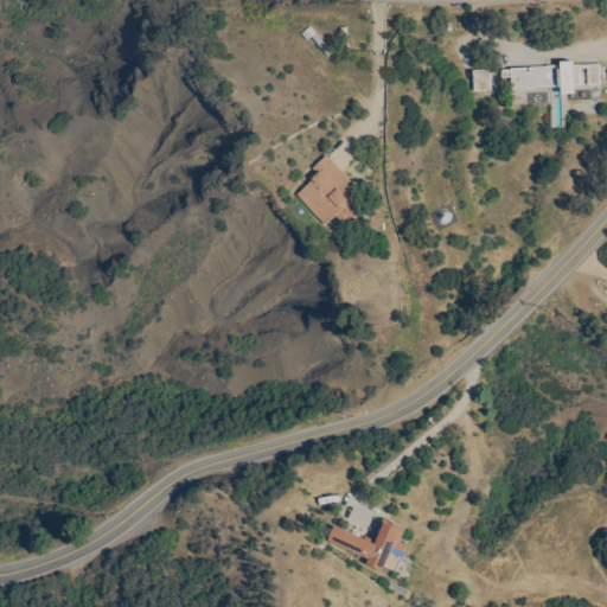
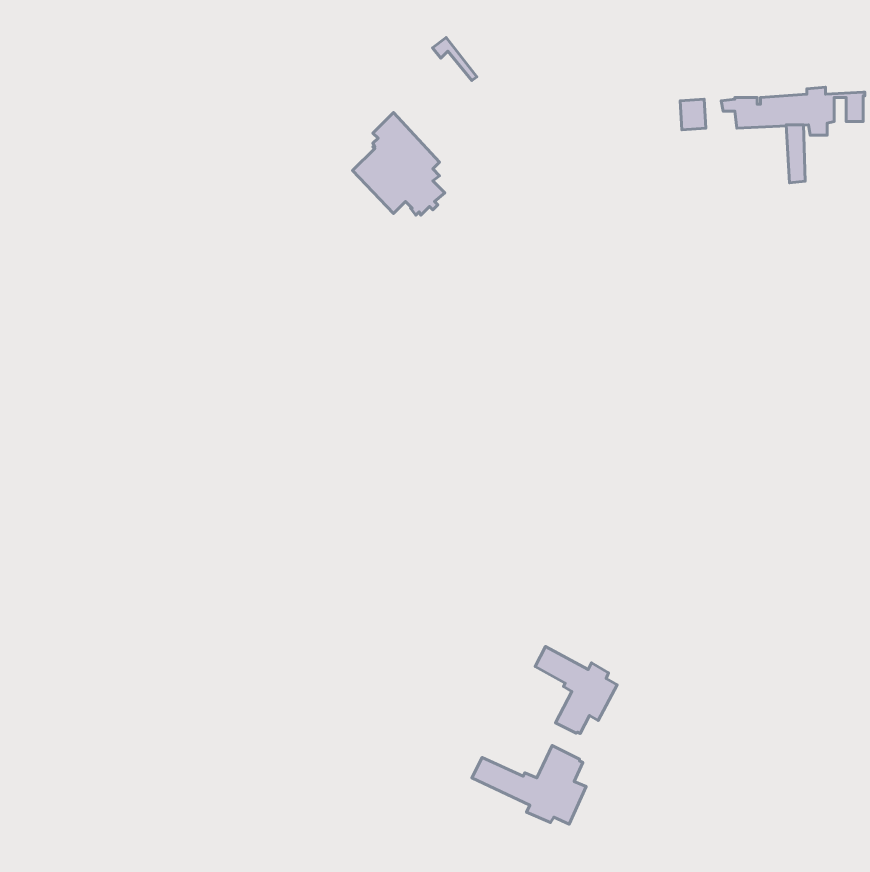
building: [296,154,360,225] -> [352,113,445,215]
building: none -> [535,646,617,733]

